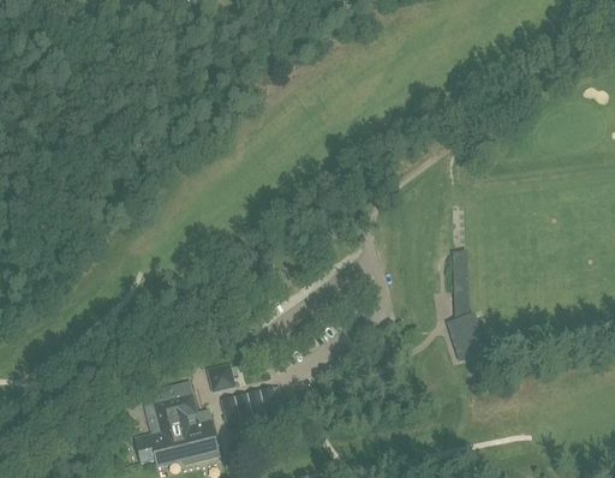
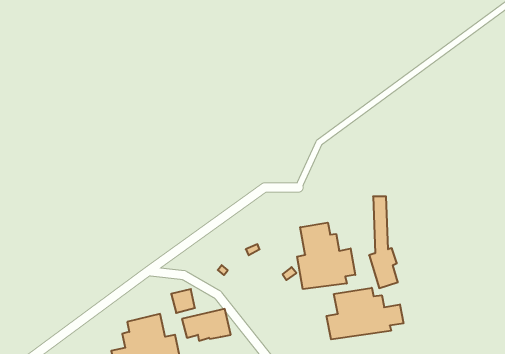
building: none -> [297,223,355,289]
building: none -> [327,288,403,339]

